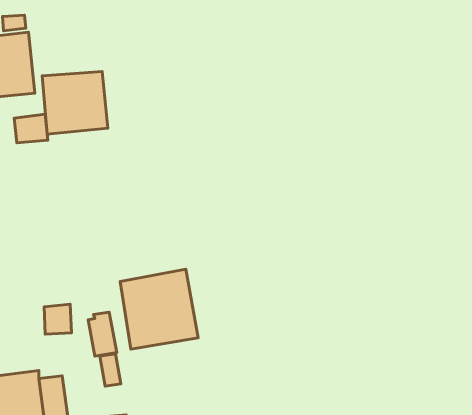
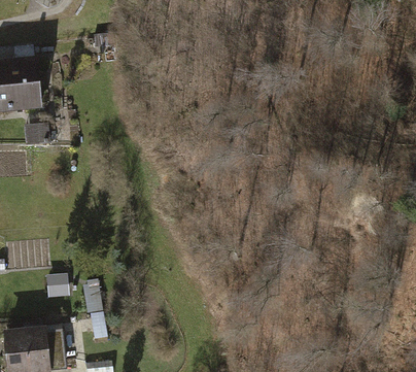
building: [42,71,108,134] -> none
building: [120,269,198,349] -> none

